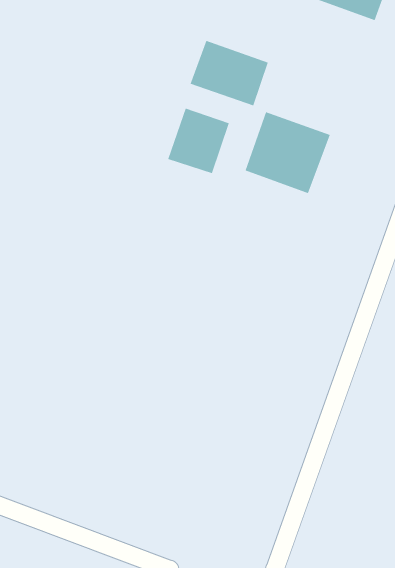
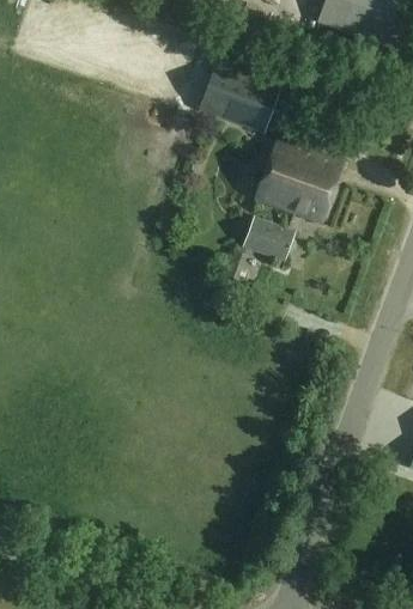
building: [167,107,230,174] -> none
building: none -> [243,215,296,261]

